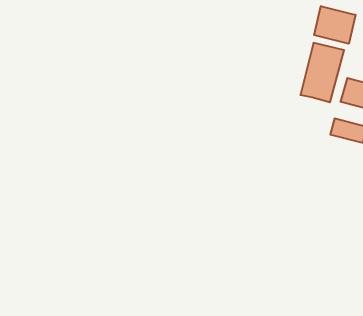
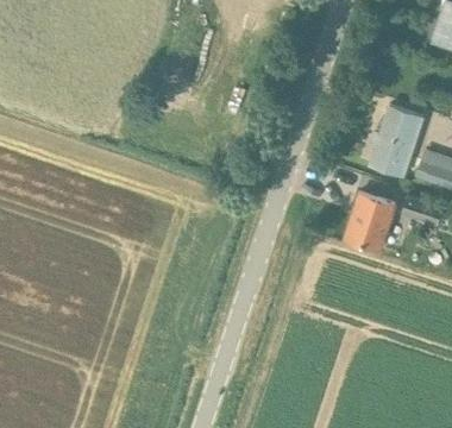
building: [314,6,356,44] -> none
building: none -> [345,194,395,251]

